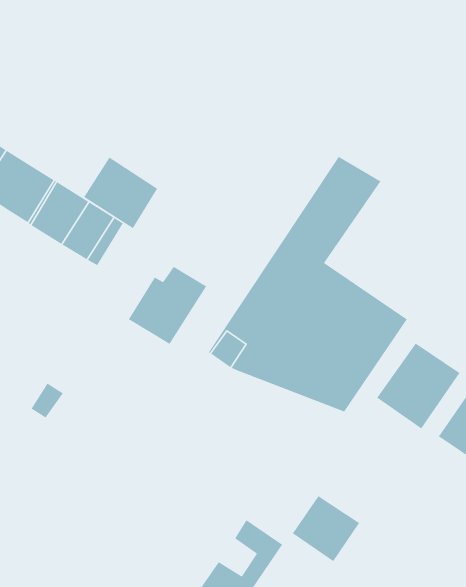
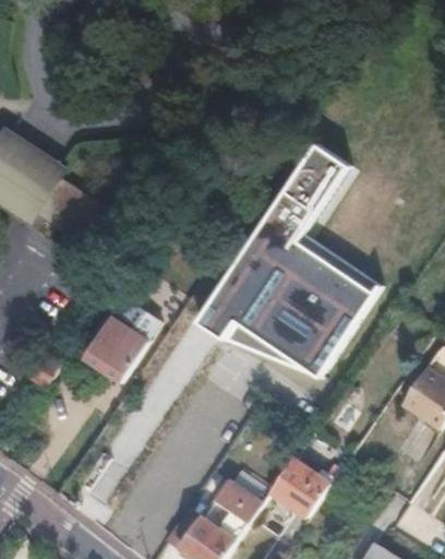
building: [83,156,158,229] -> none
building: [128,266,207,345] -> [84,307,156,379]
building: [376,343,460,429] -> none

